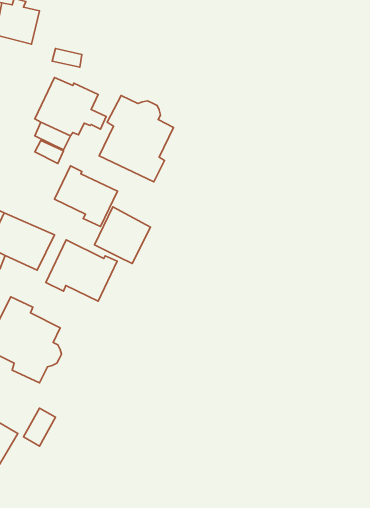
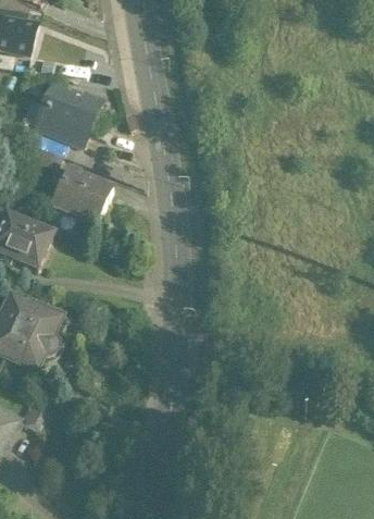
building: [99,95,173,182] -> none
building: [94,207,150,264] -> none
building: [46,240,117,301] -> none

